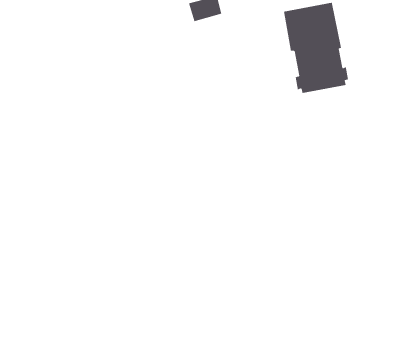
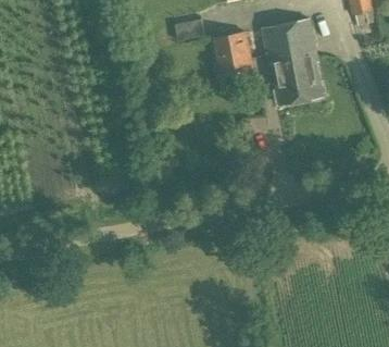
building: none -> [215,34,251,75]

